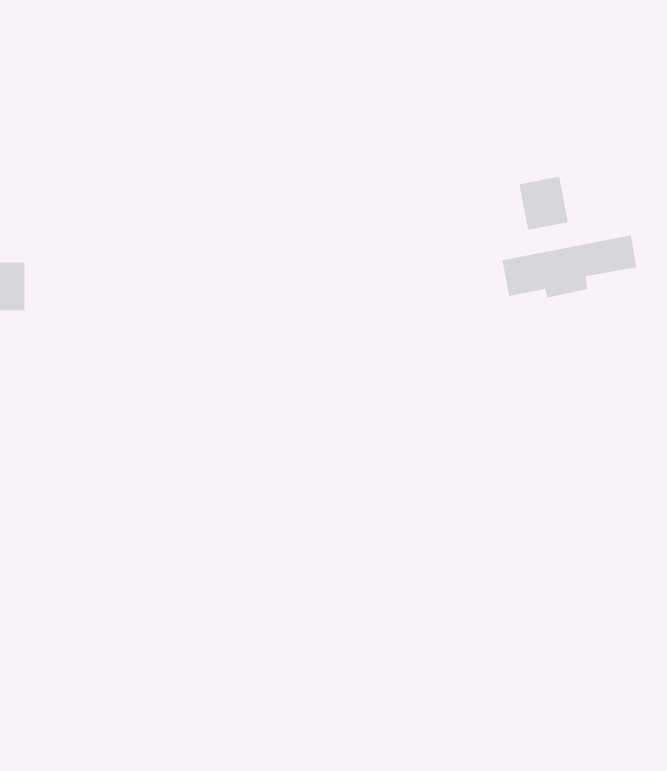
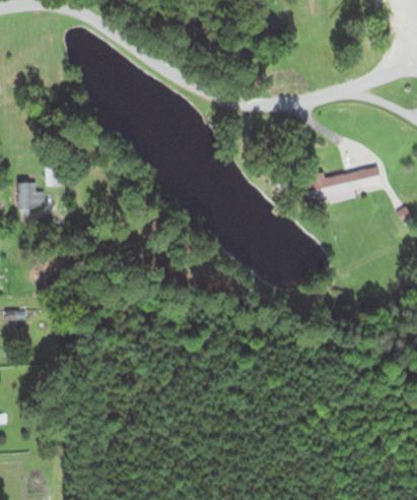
building: [519,176,568,231] -> none

